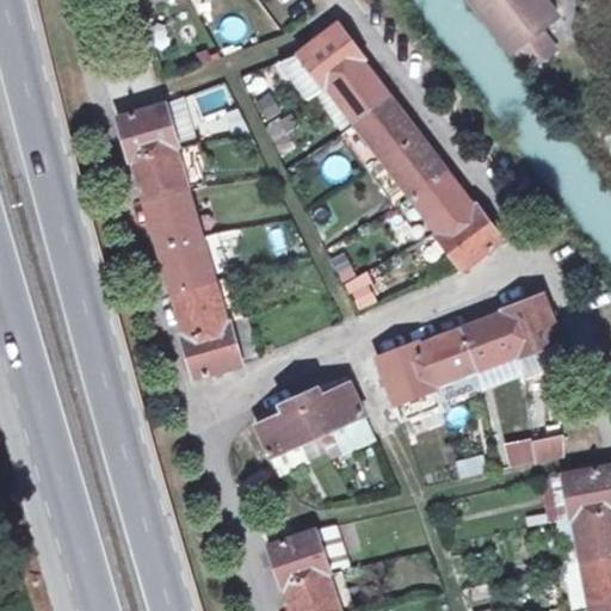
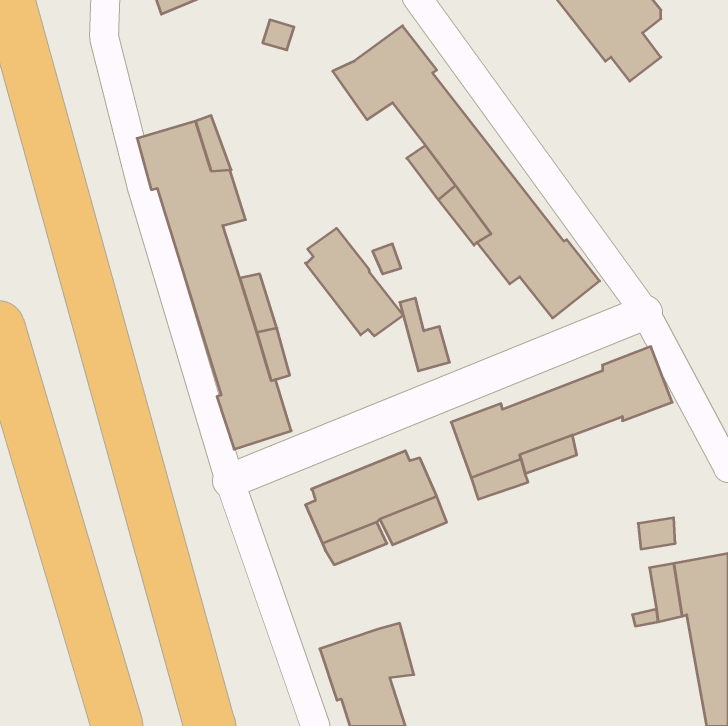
building: none -> [305,228,403,336]

